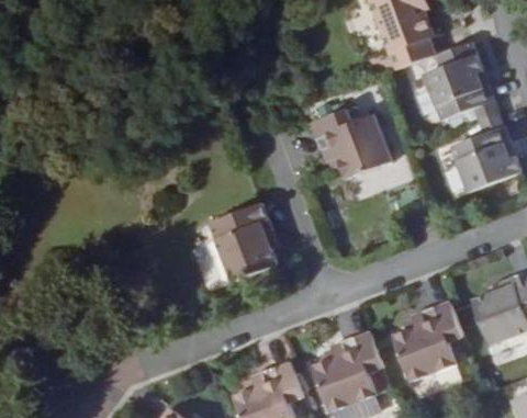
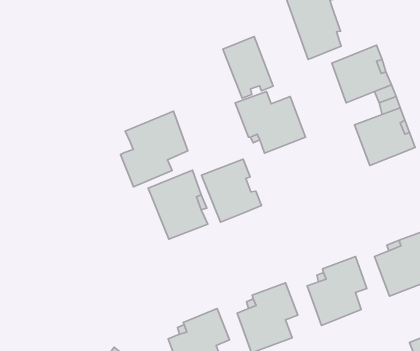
building: none -> [223,37,273,98]
building: none -> [120,111,188,187]
building: none -> [201,159,262,222]

